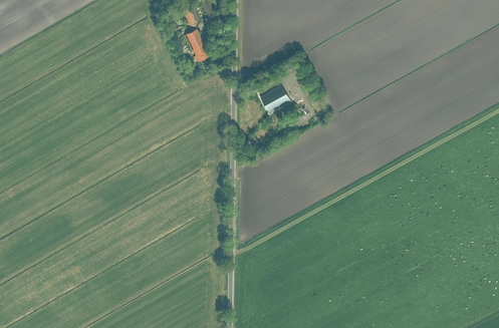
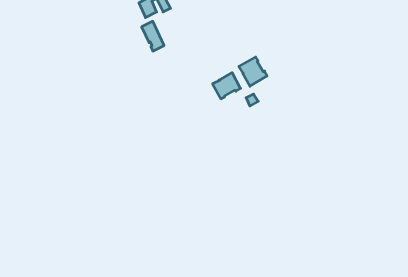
building: none -> [239,57,267,86]

